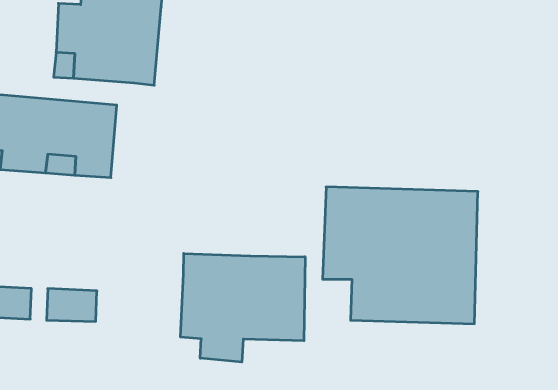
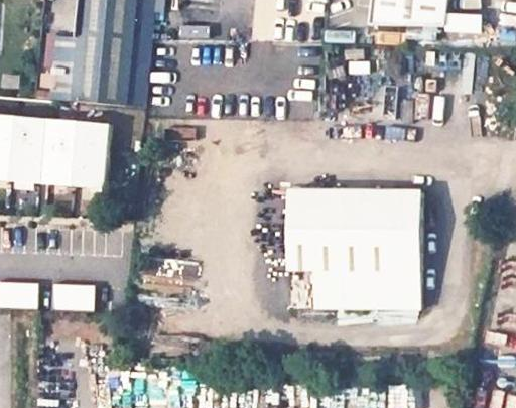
building: [181,253,305,362] -> none

